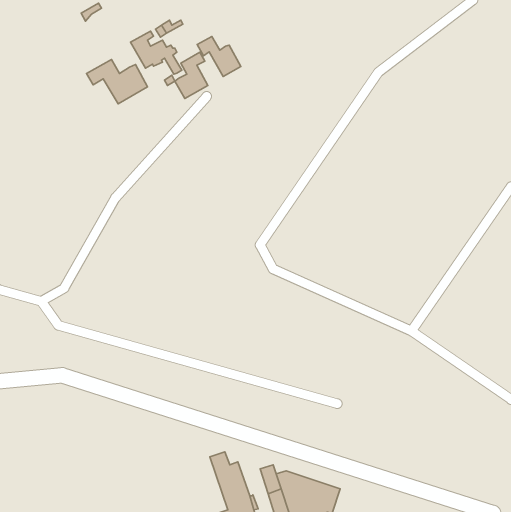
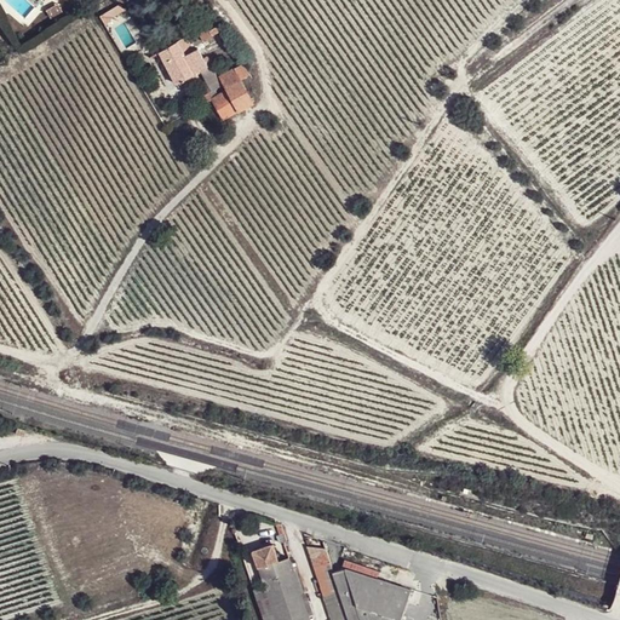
building: [197,37,241,77] -> none
building: [87,60,148,104] -> none

